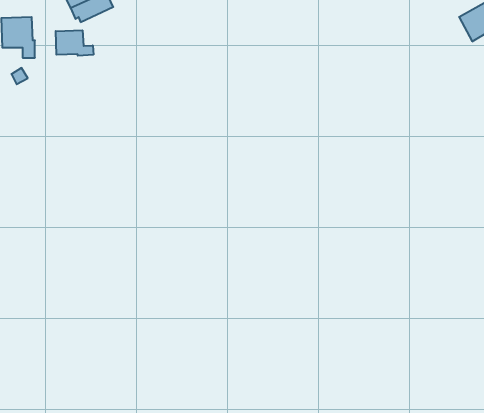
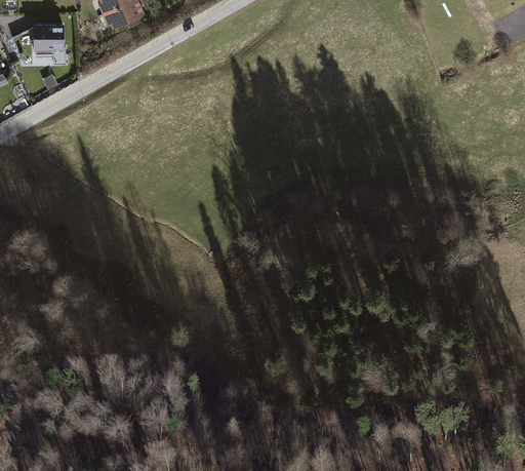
building: [56,30,93,56] -> none

